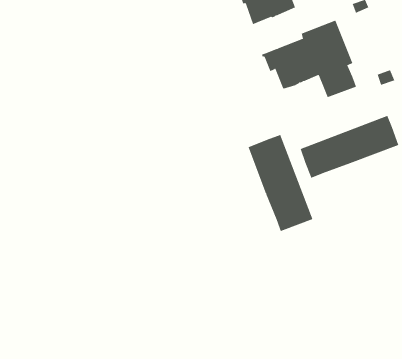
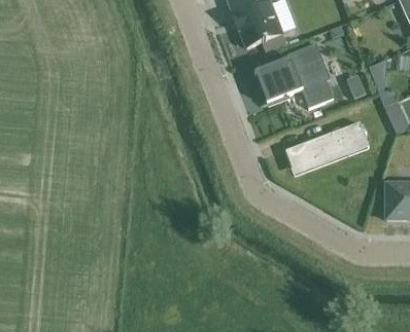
building: [248,134,313,232] -> none

